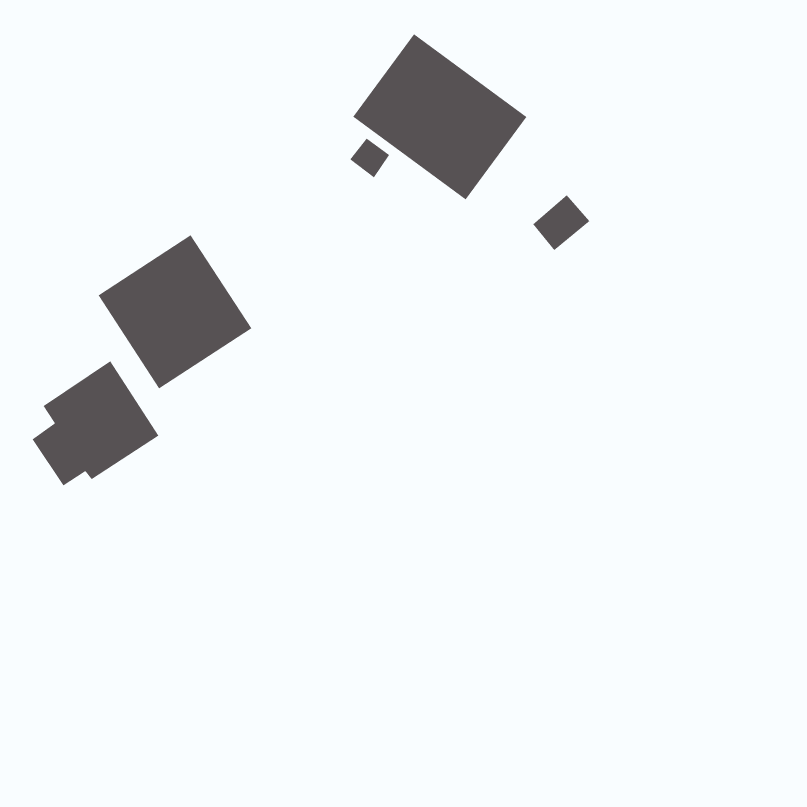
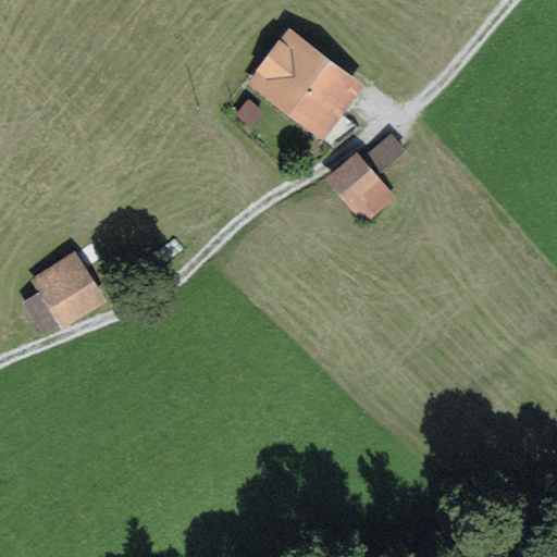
building: none -> [323,153,397,230]
building: [97,234,252,389] -> none

